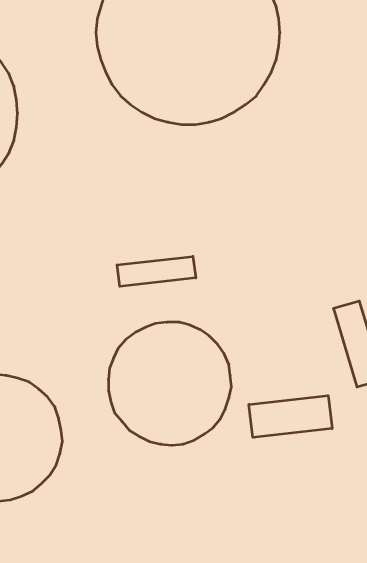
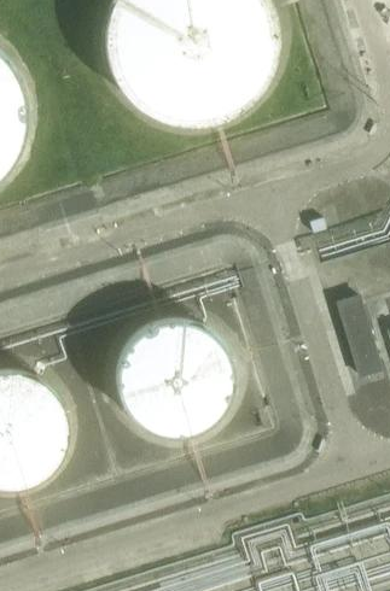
building: [117,256,196,286] -> none
building: [249,396,332,437] -> none

